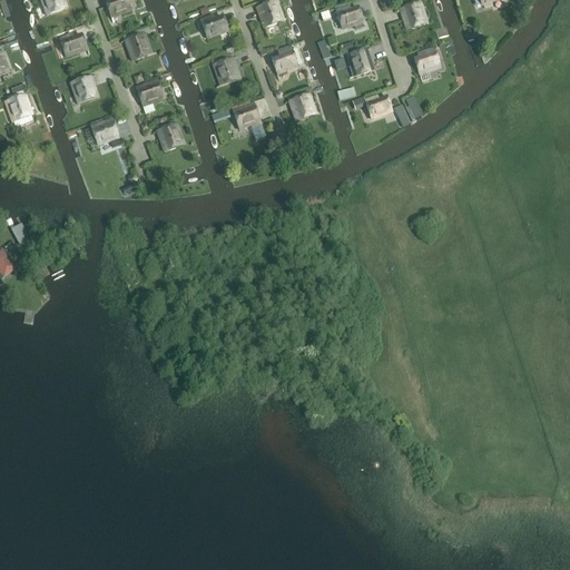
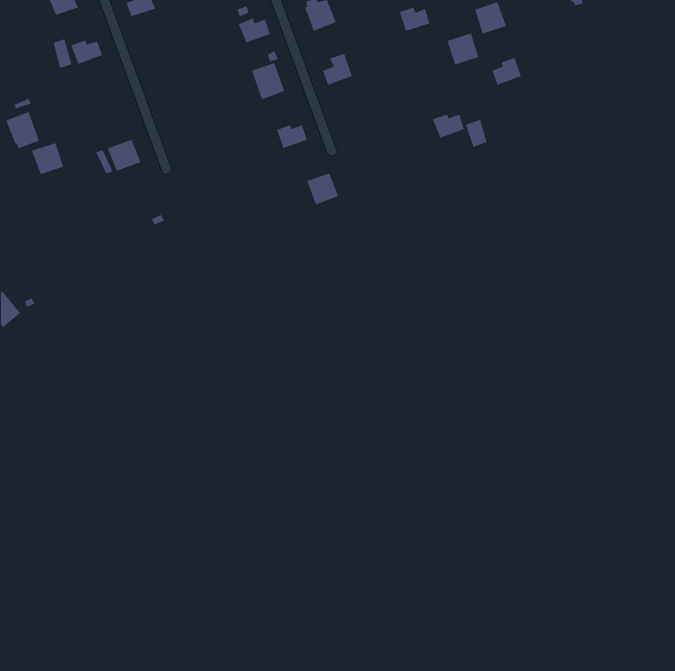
building: [125,31,151,59] -> none
building: [346,48,374,76] -> [446,33,479,66]
building: [136,73,164,110] -> none
building: [70,75,98,102] -> [31,142,64,175]
building: [288,92,316,120] -> [306,173,339,206]
building: [157,122,185,150] -> none

